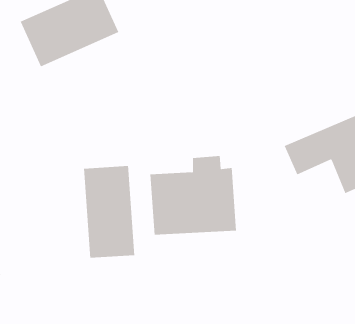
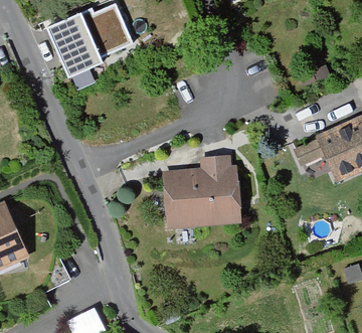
building: [84,165,135,259] -> none

